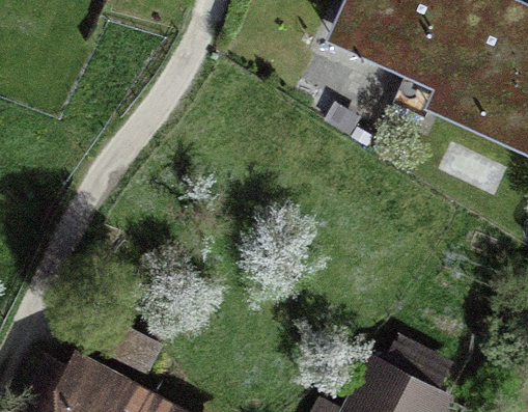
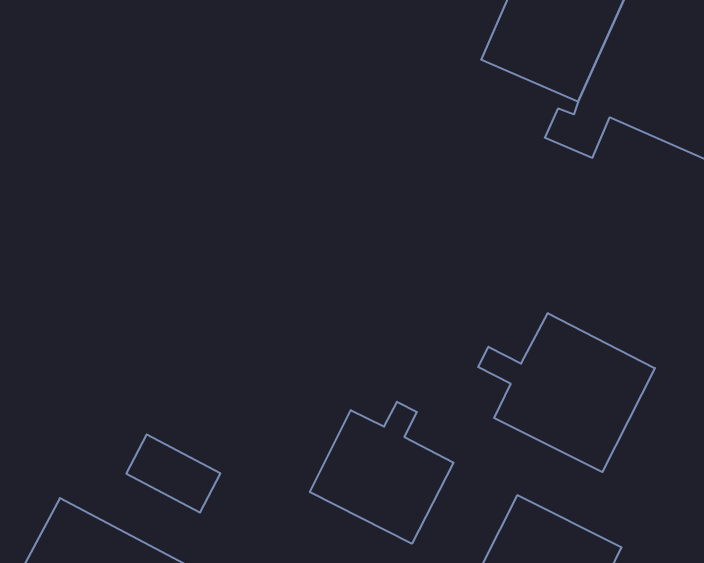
building: none -> [478,313,655,472]
building: none -> [310,402,454,544]

